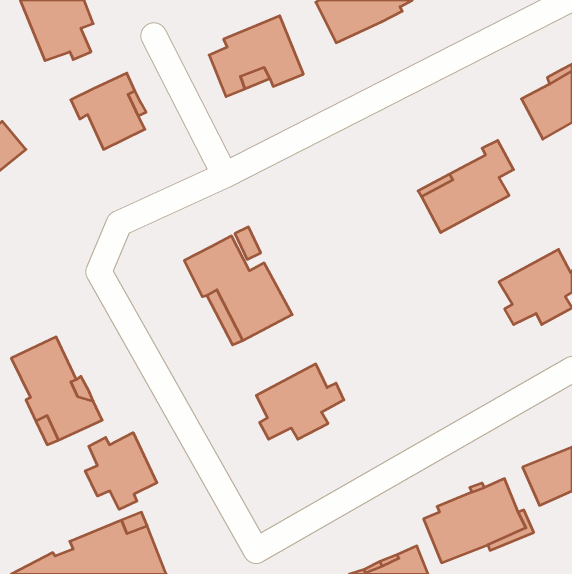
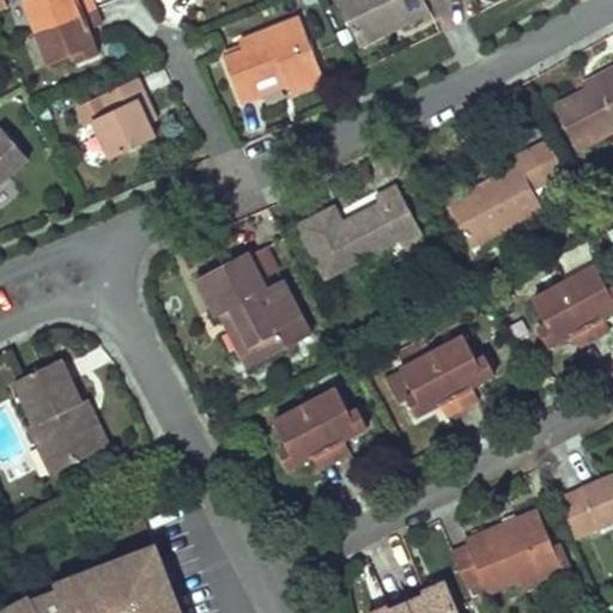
building: none -> [297,187,427,278]
building: none -> [400,336,494,415]
building: [85,433,157,509] -> none

